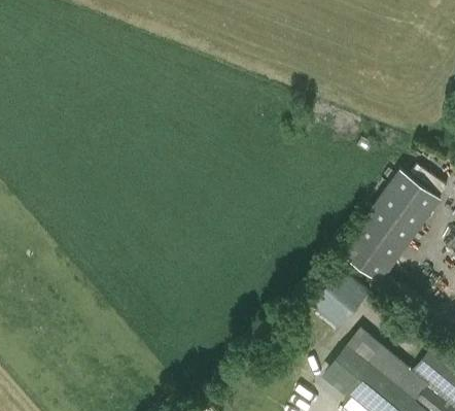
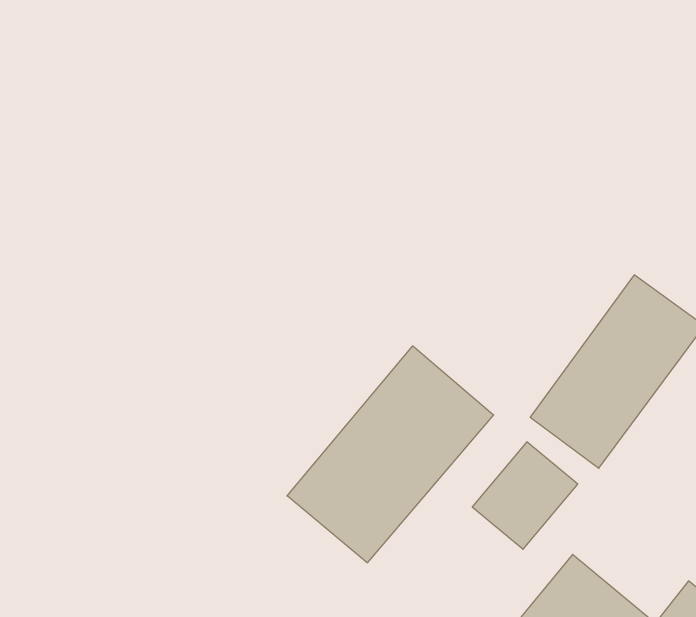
building: none -> [287,346,494,563]

